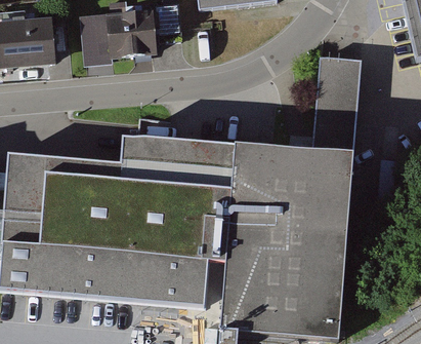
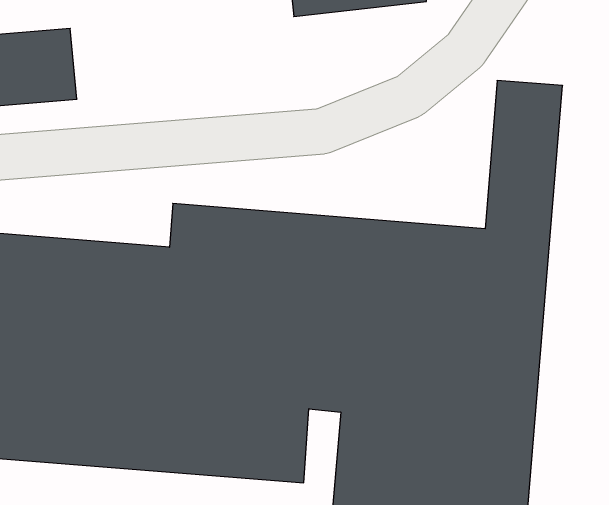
building: [82,13,152,59] -> none

